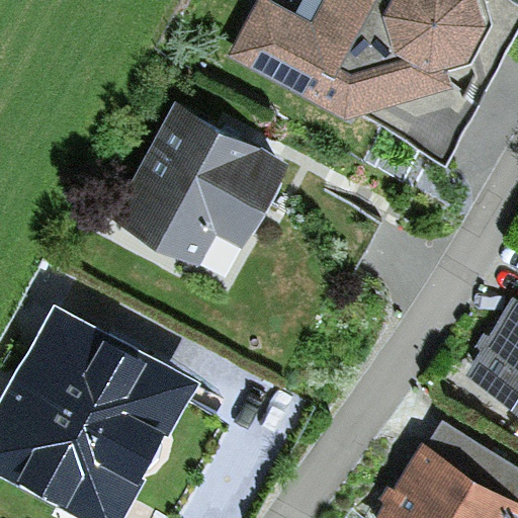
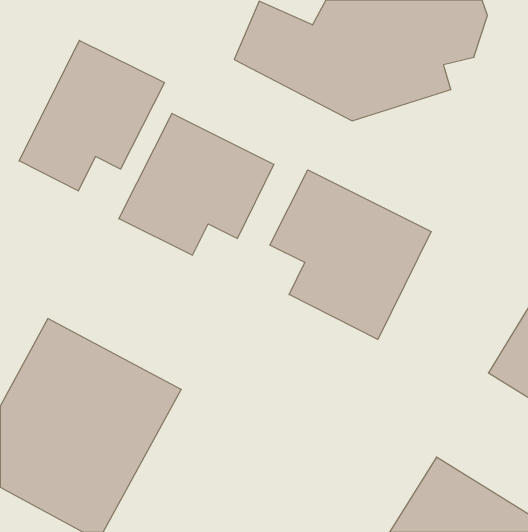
building: none -> [19,40,164,191]
building: none -> [270,170,431,339]

